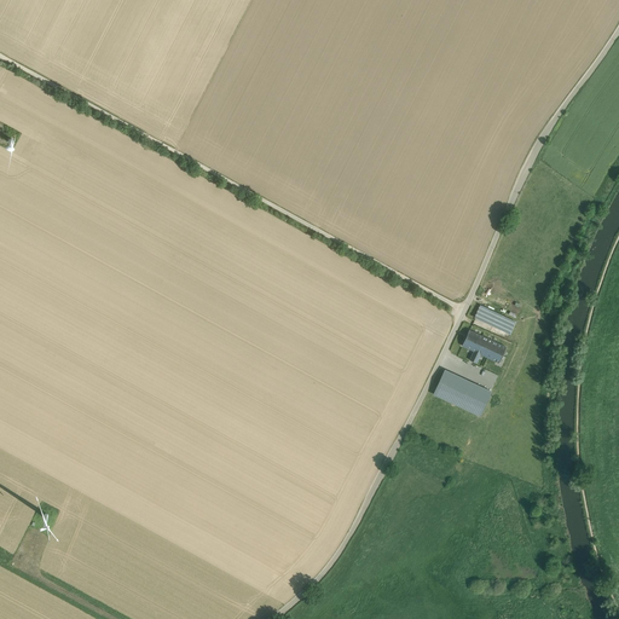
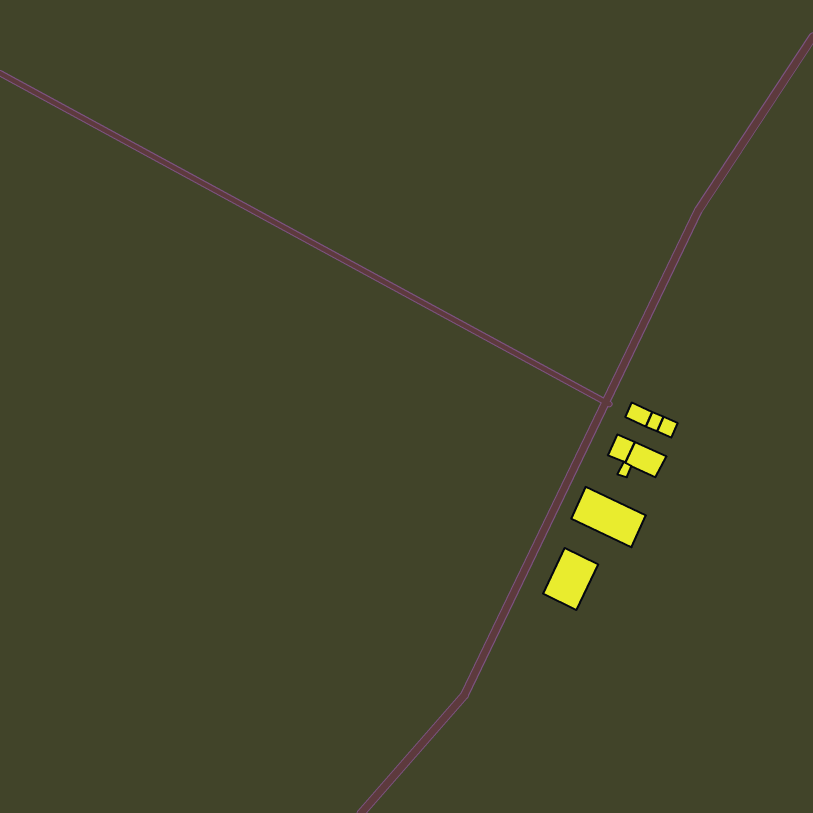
building: none -> [543,548,598,610]

